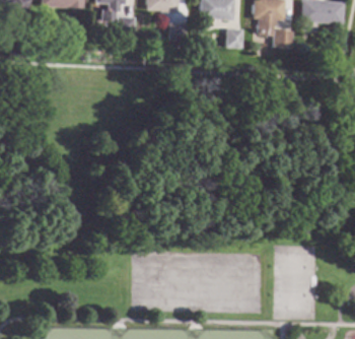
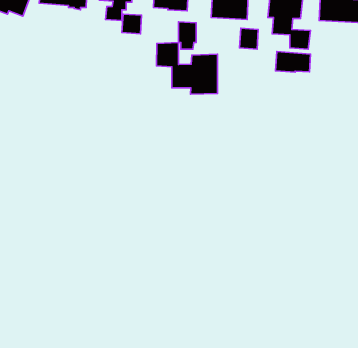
building: none -> [157,42,217,94]
building: none -> [276,52,311,72]

